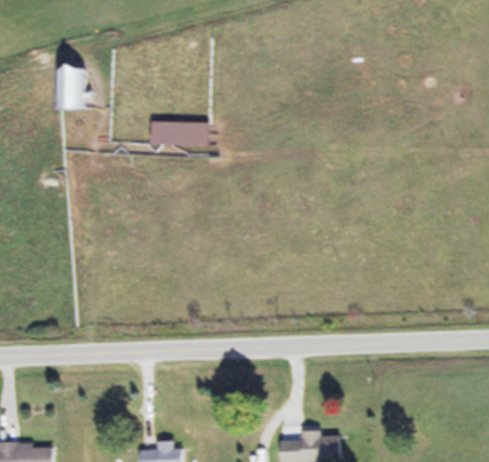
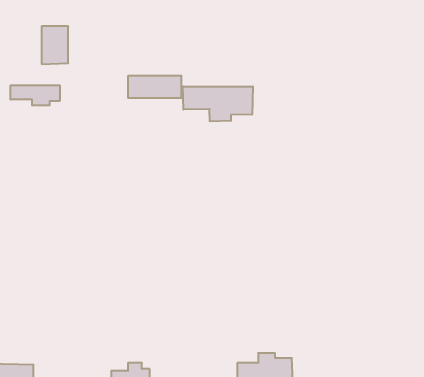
building: none -> [11,85,60,105]
building: none -> [183,86,253,121]

